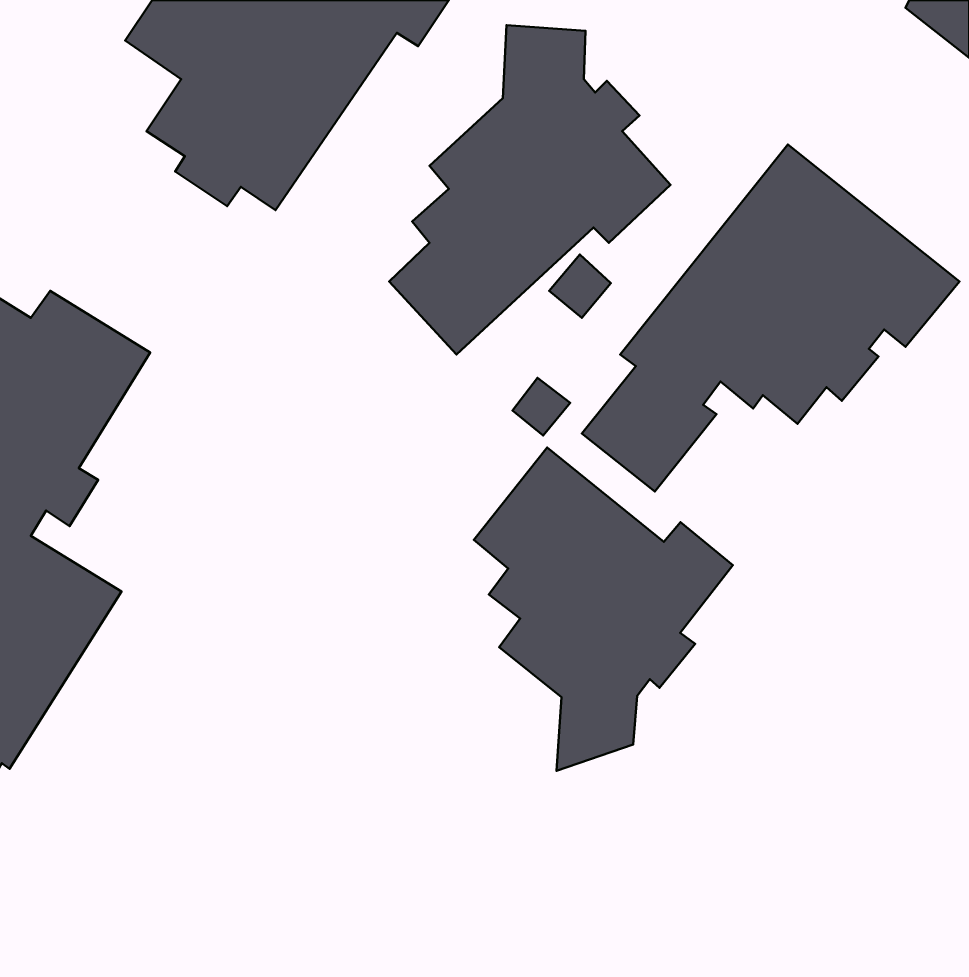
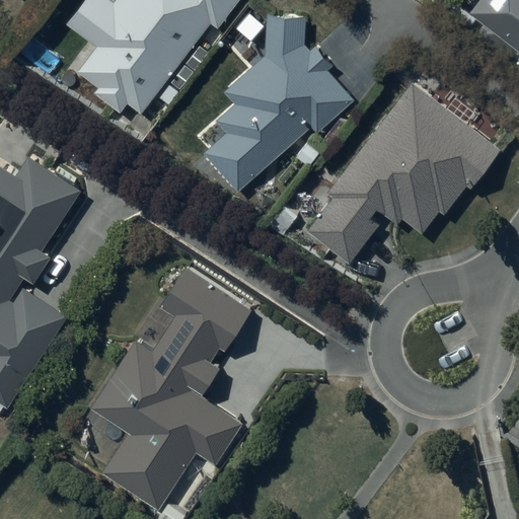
building: [474,448,733,771] -> none
building: none -> [91,266,256,510]

